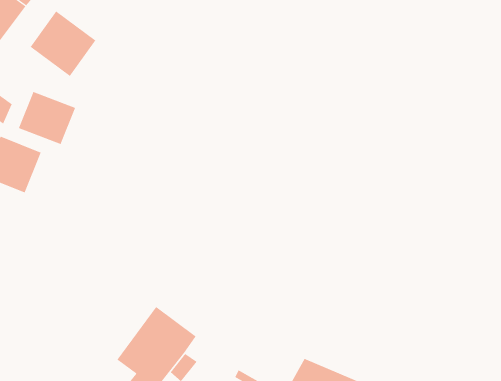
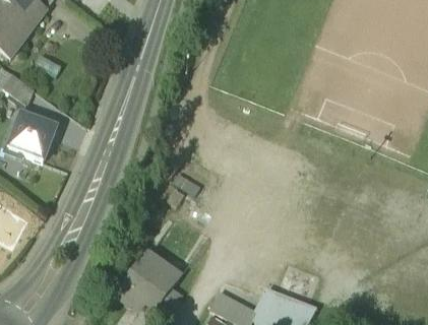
building: [30,11,96,77] -> none
building: [18,91,76,145] -> none

